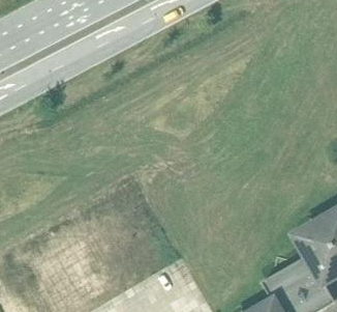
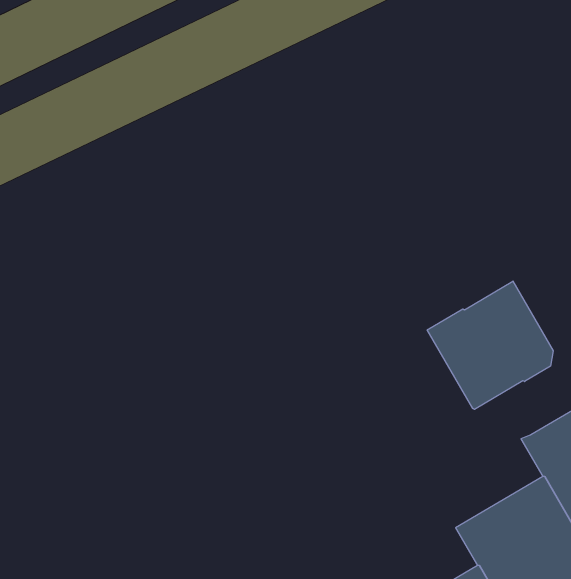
building: none -> [427,281,553,409]

